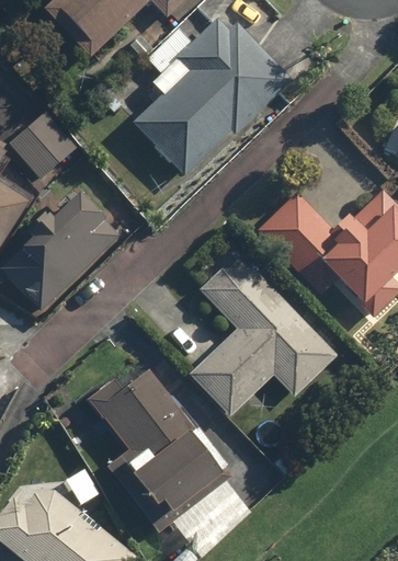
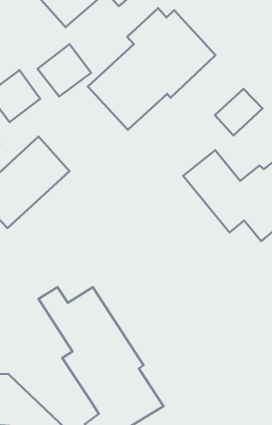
building: none -> [37,44,91,97]
building: none -> [215,89,263,135]
building: [189,249,338,417] -> none

